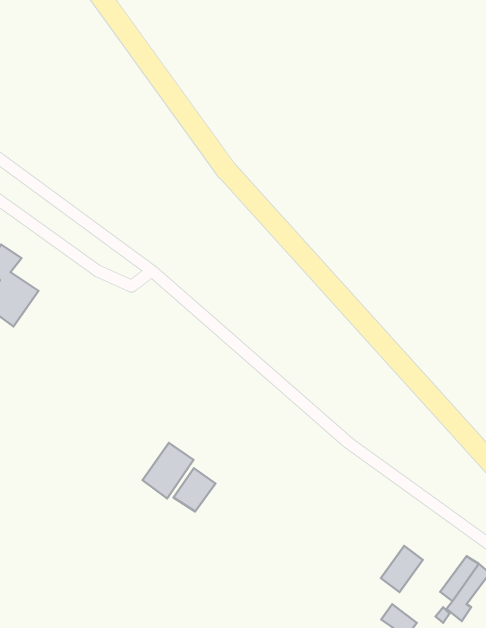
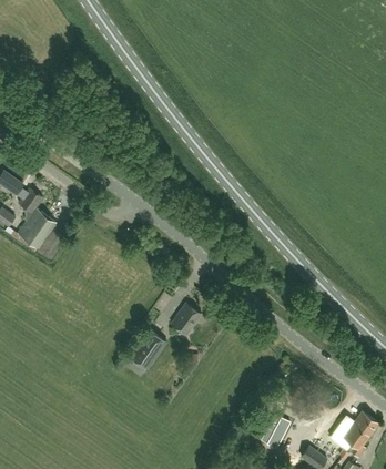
building: [174,468,215,511] -> [171,304,201,335]
building: [381,546,423,592] -> [263,410,293,443]

